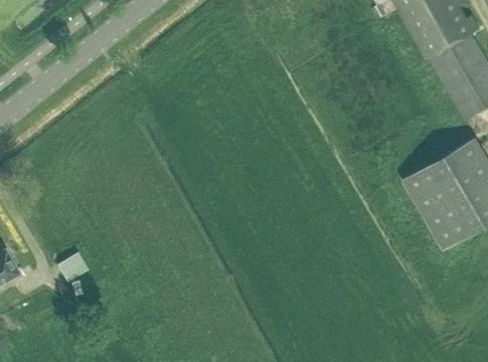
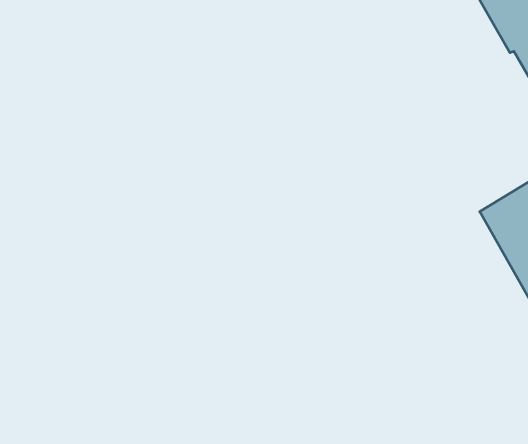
building: [56,251,88,282] -> none

